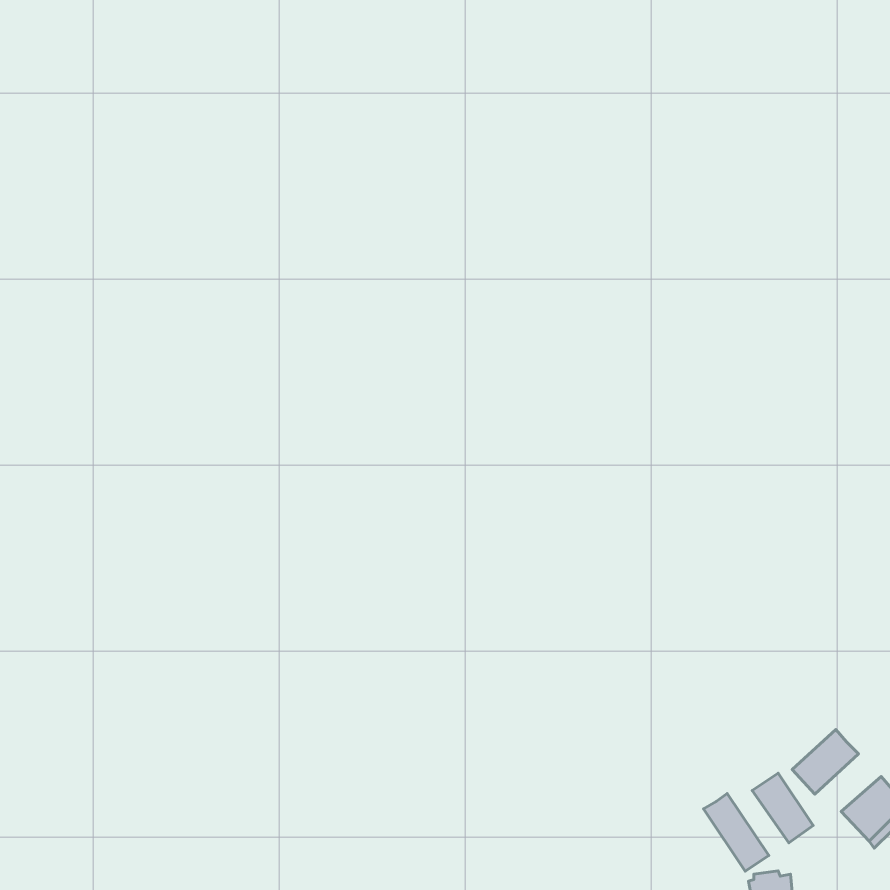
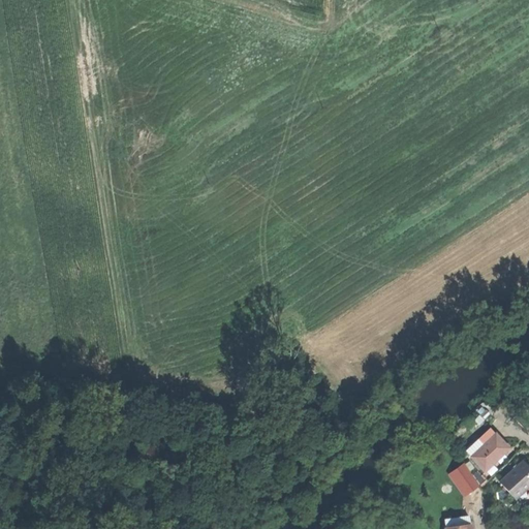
building: [704,793,769,871] -> none

